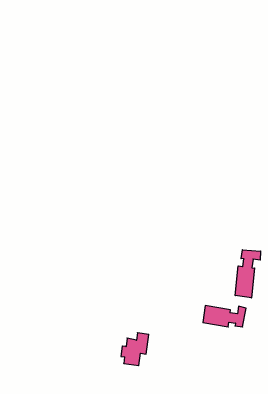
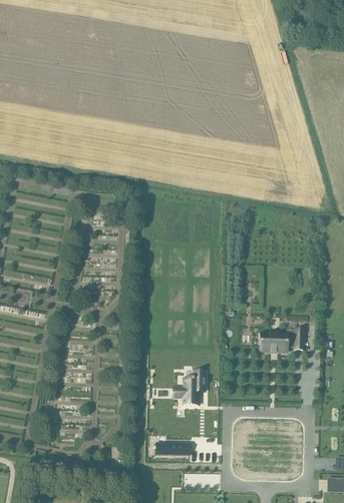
building: [235,250,261,298] -> none

